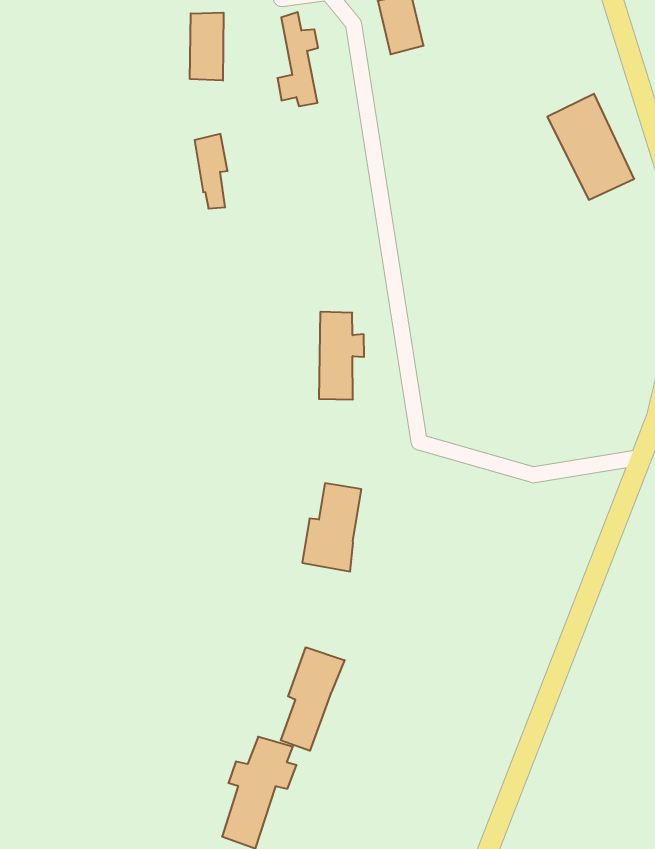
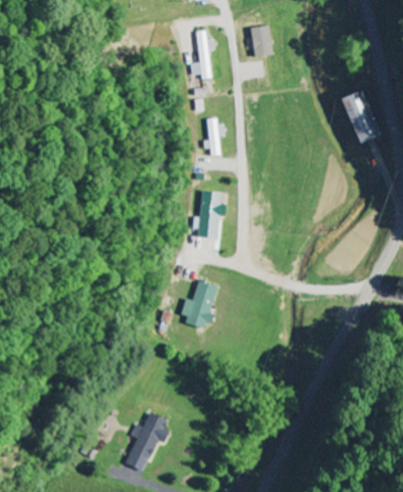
building: [190,13,224,81] -> none
building: [195,134,228,209] -> [208,115,224,155]
building: [281,647,345,751] -> none

